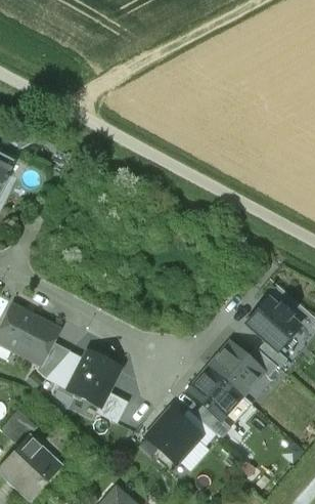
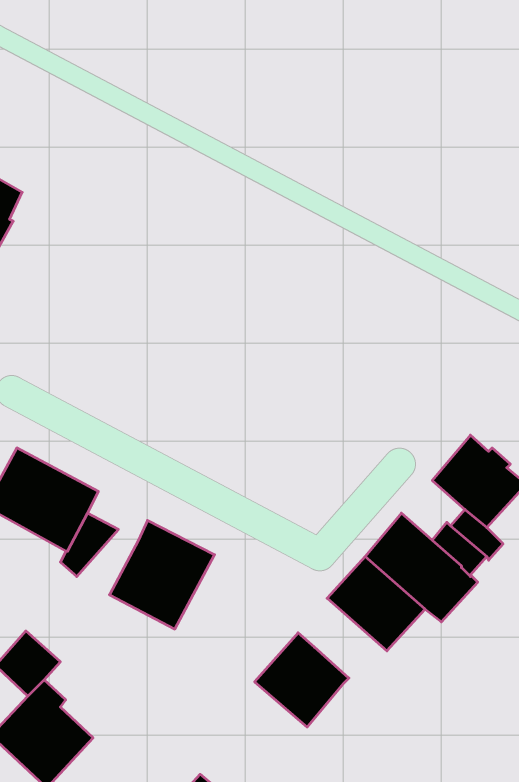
building: [46,352,81,389] -> none
building: [180,410,216,447] -> none

